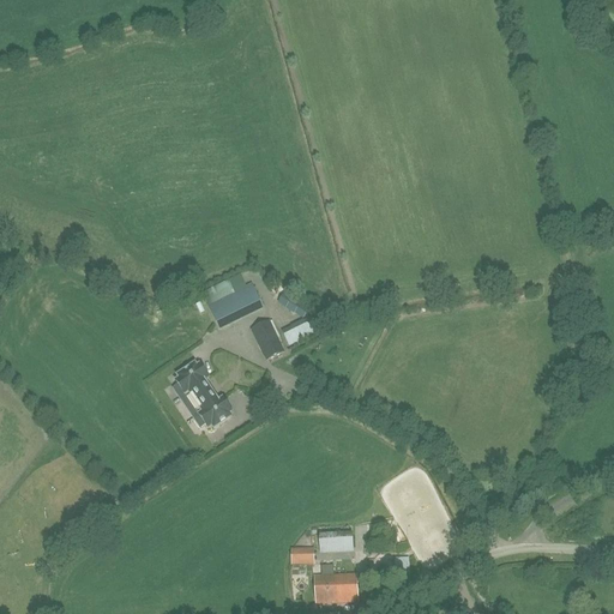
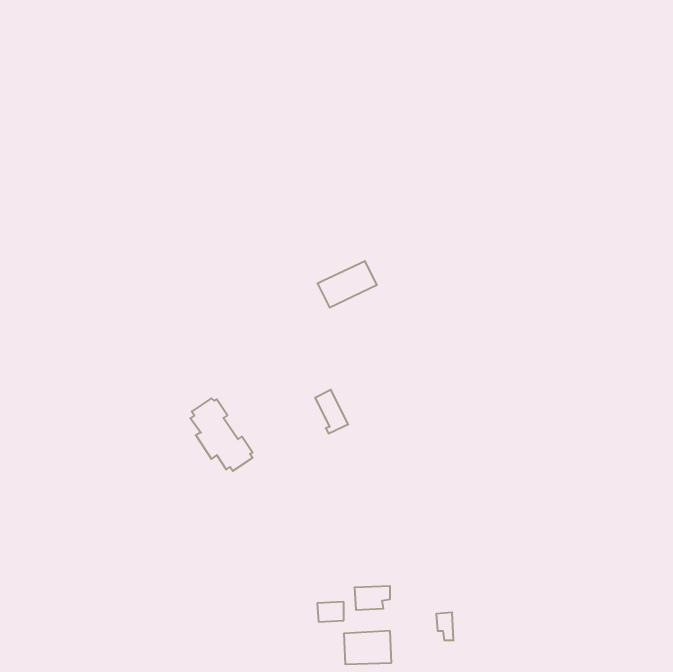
building: [205,283,259,325] -> [317,261,377,307]
building: [252,319,282,359] -> [315,390,348,433]

